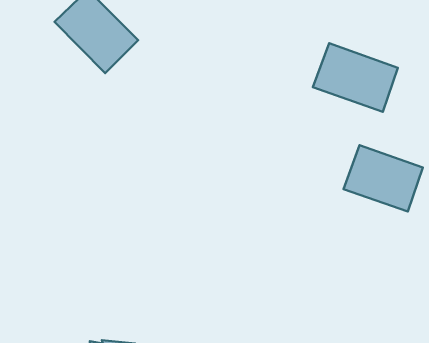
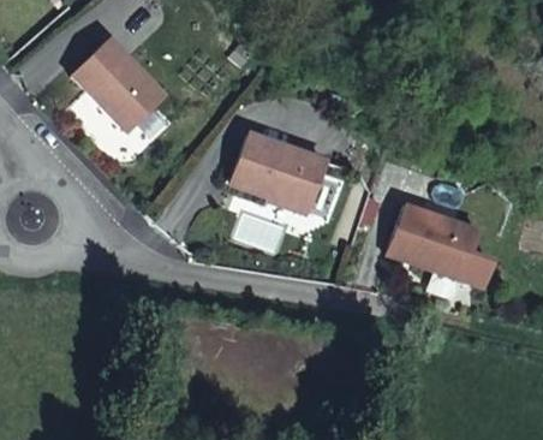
building: [313,43,398,112] -> [233,136,328,213]

